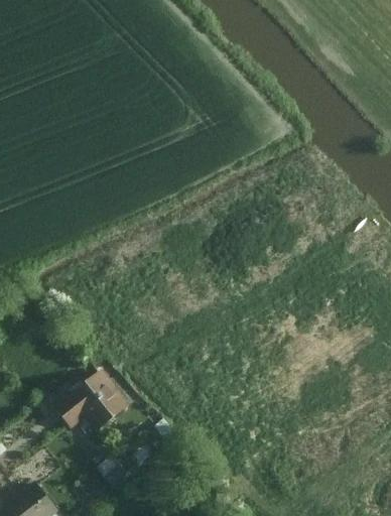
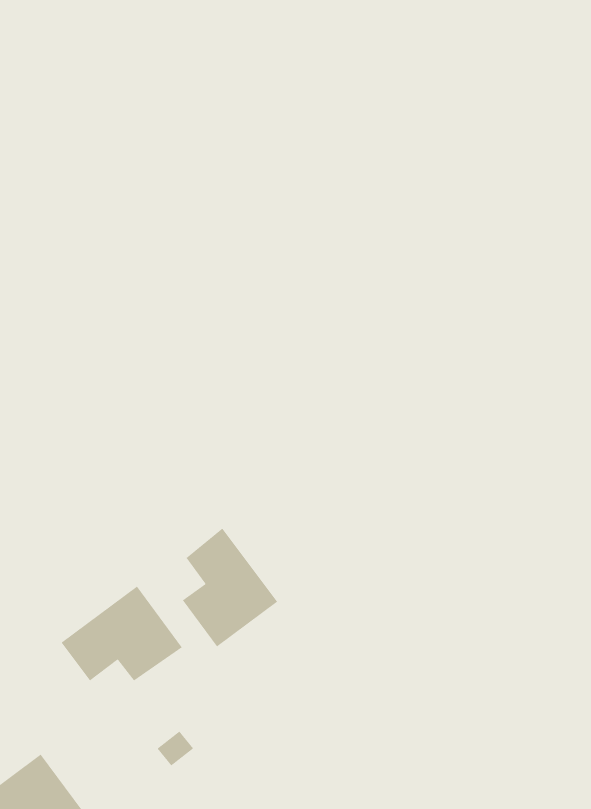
building: none -> [182,528,278,648]

